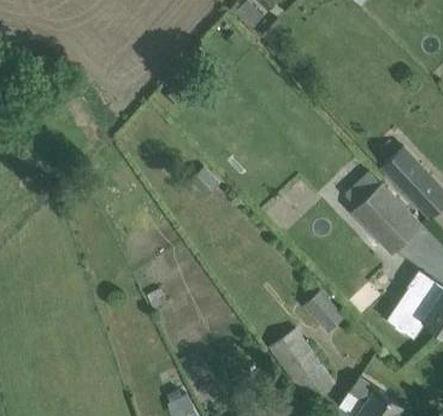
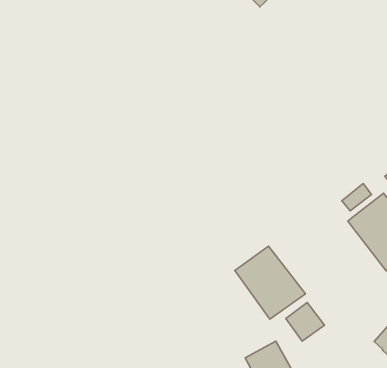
building: none -> [235,246,306,319]

